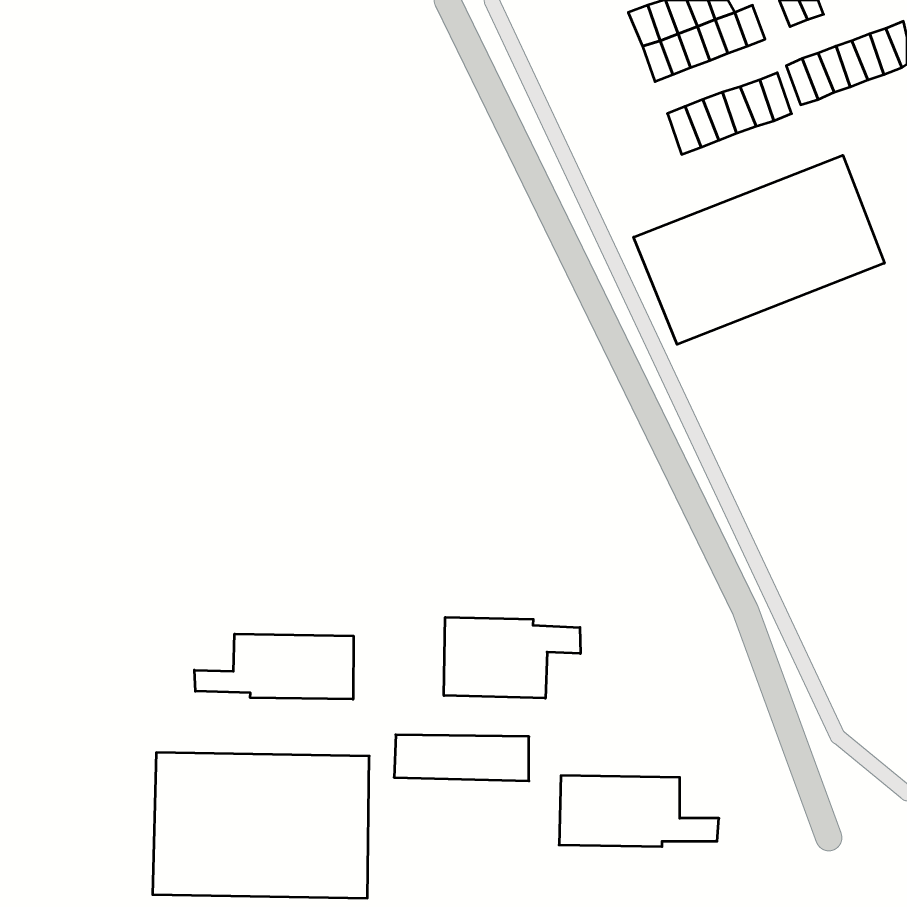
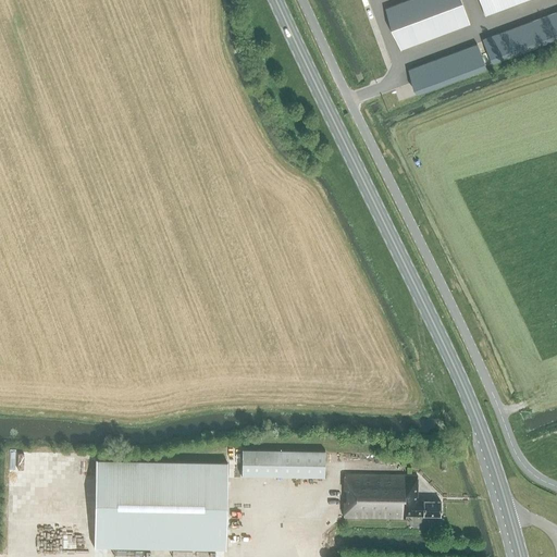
building: [634,155,884,344] -> none
building: [444,617,580,698] -> none
building: [194,634,353,699] -> none

